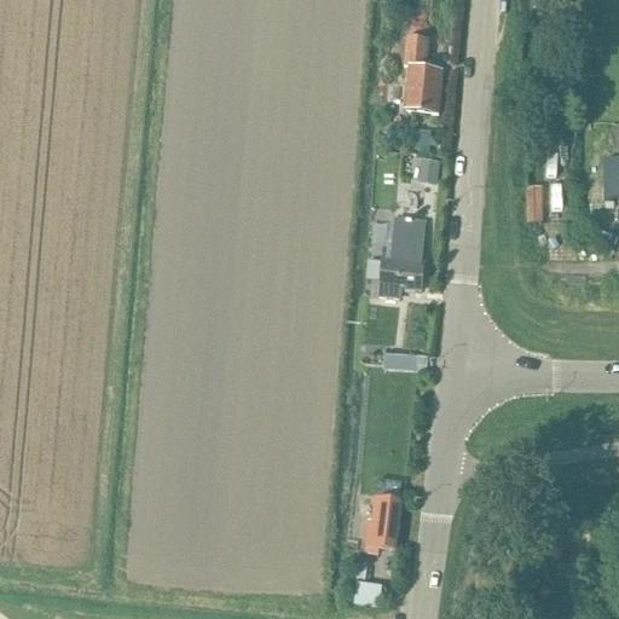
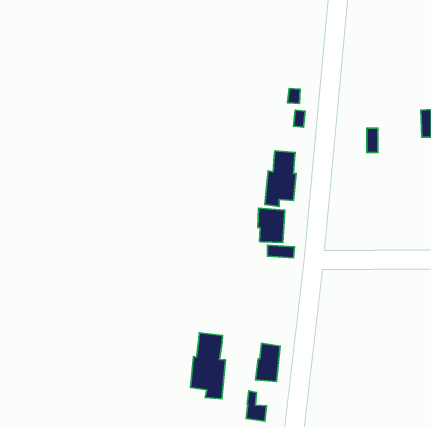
building: [404,35,442,112] -> none
building: none -> [258,208,285,242]
building: none -> [190,333,225,399]

